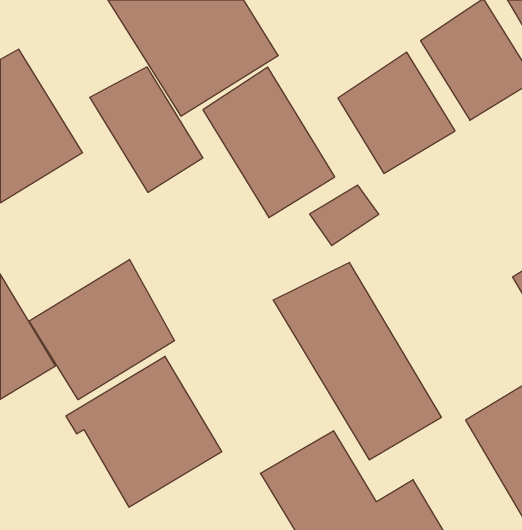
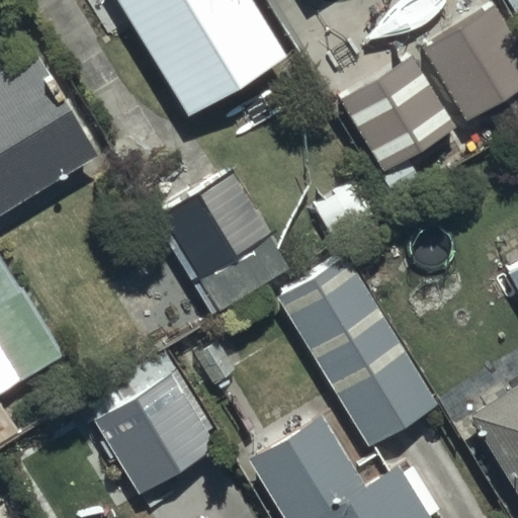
building: [90,67,203,192] -> none
building: [203,67,335,218] -> [157,163,284,309]
building: [29,259,175,400] -> none

